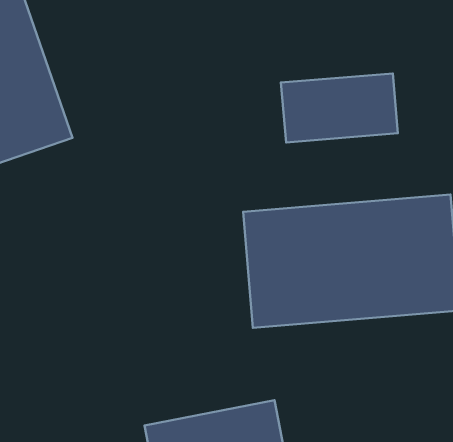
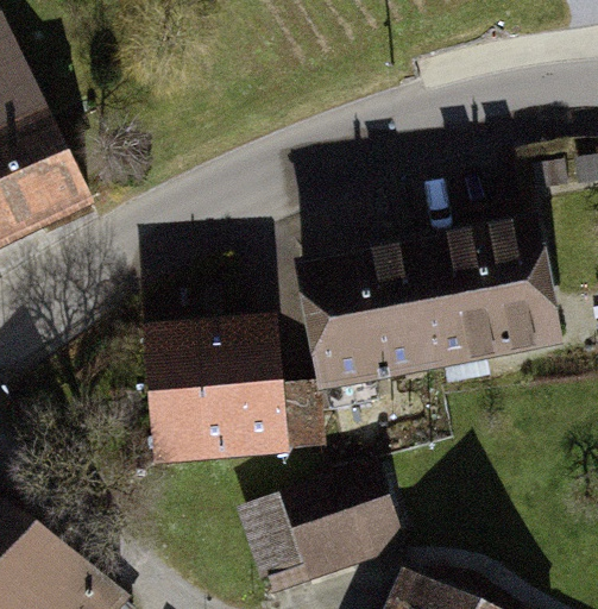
building: [281,73,398,142] -> none
building: none -> [152,321,311,464]

